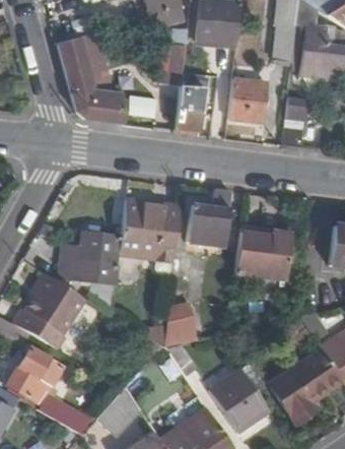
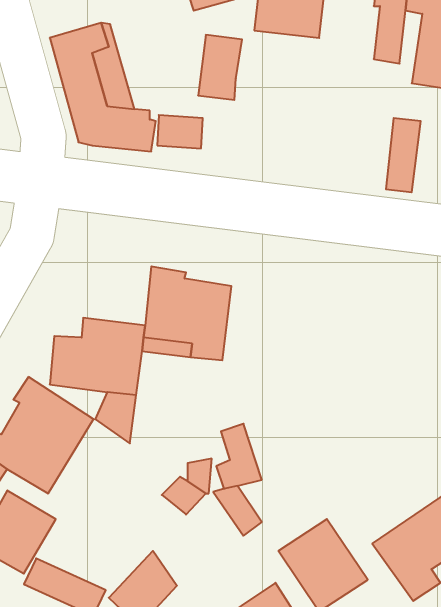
building: [175,72,204,134] -> none
building: [228,79,265,121] -> none
building: [187,189,229,246] -> none
building: [233,232,290,282] -> none

